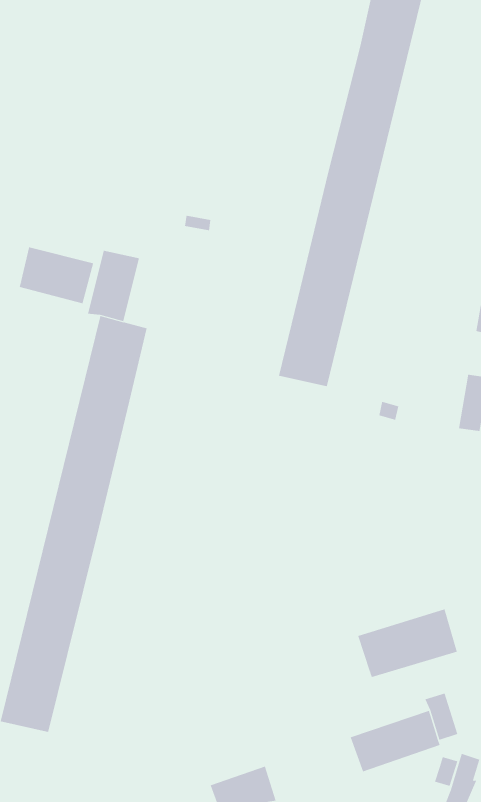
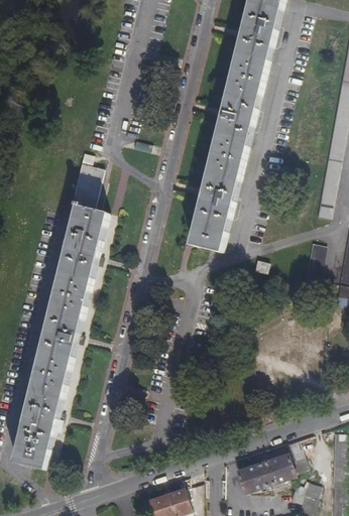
building: [19,247,94,304] -> none
building: [358,608,457,678] -> none

